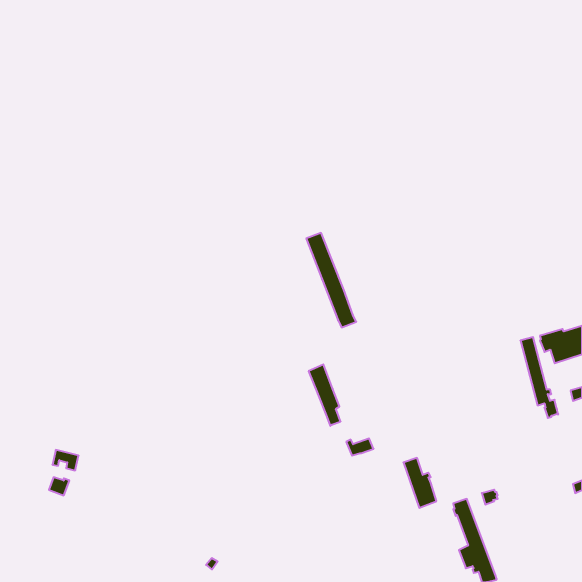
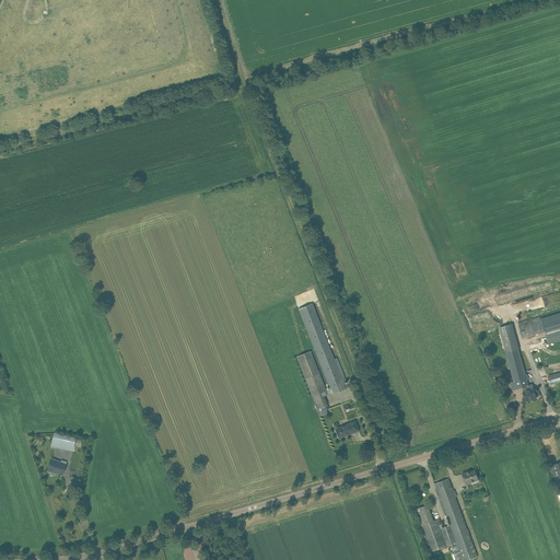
building: [306,233,356,327] -> [299,304,347,395]
building: [403,458,436,508] -> [415,504,446,552]

